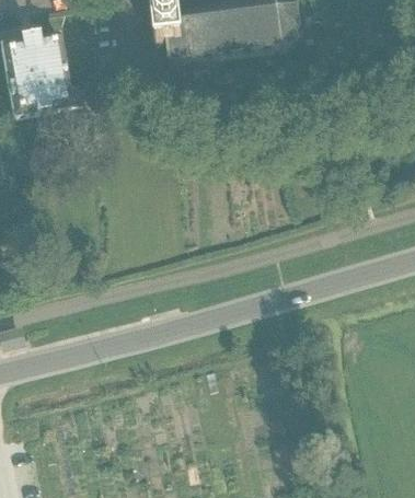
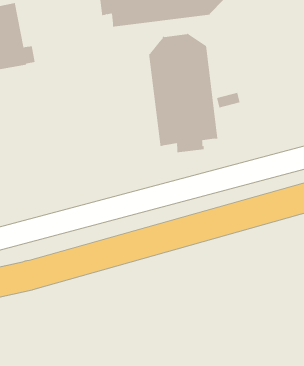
building: none -> [149,32,218,153]

